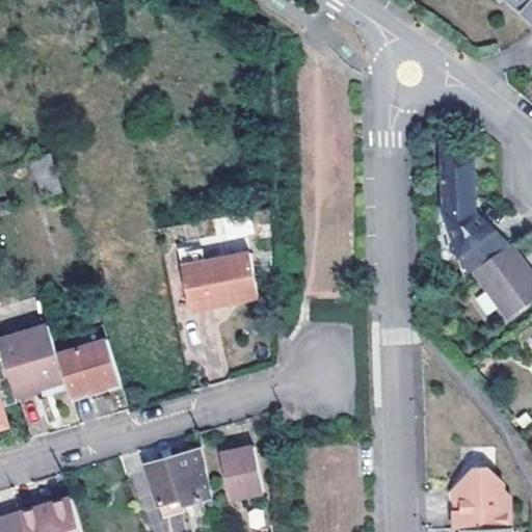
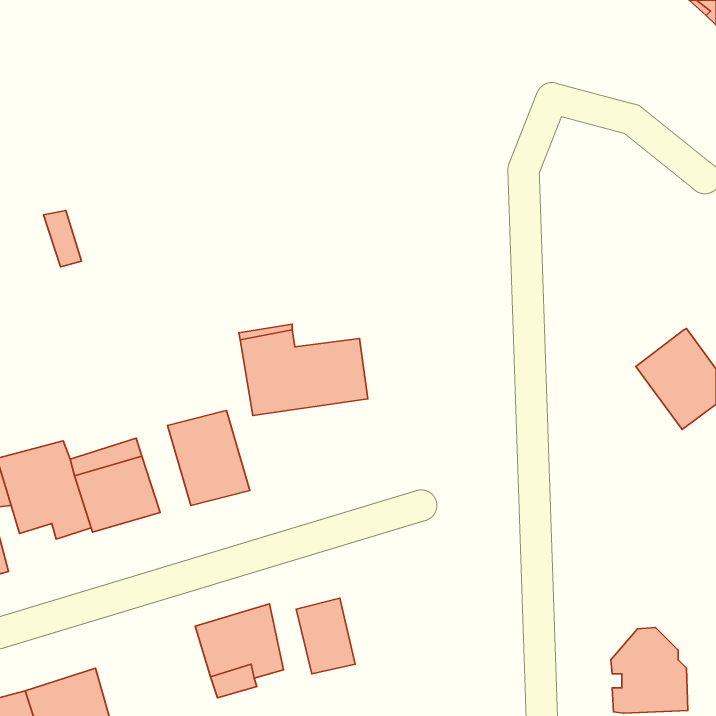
building: [437,144,506,278] -> none
building: none -> [168,411,250,506]

